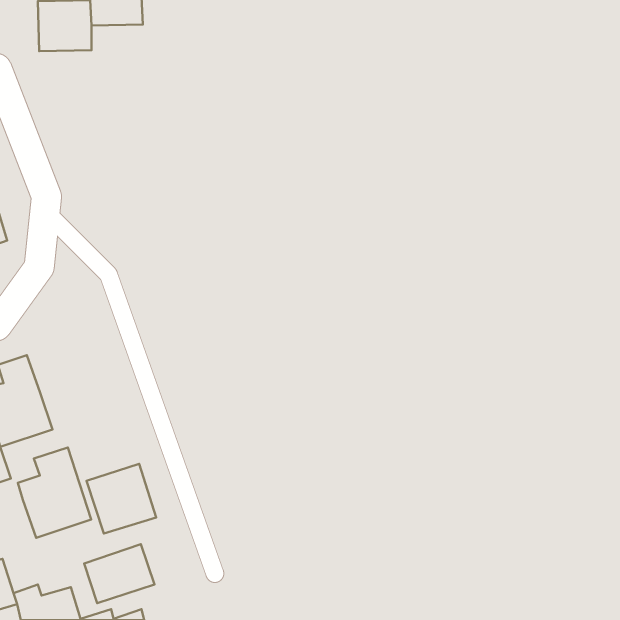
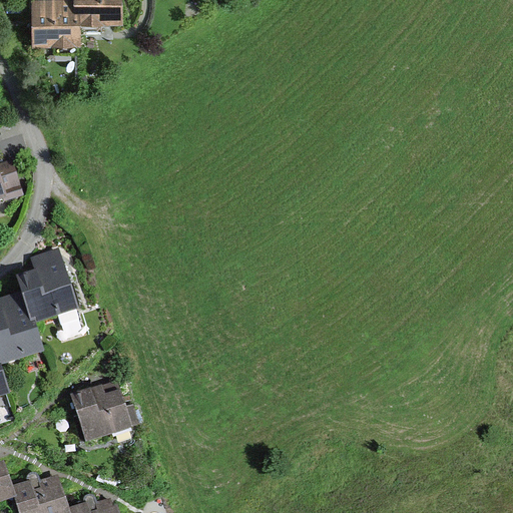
building: [18,447,91,538] -> [18,248,78,323]
building: [84,544,154,603] -> none

